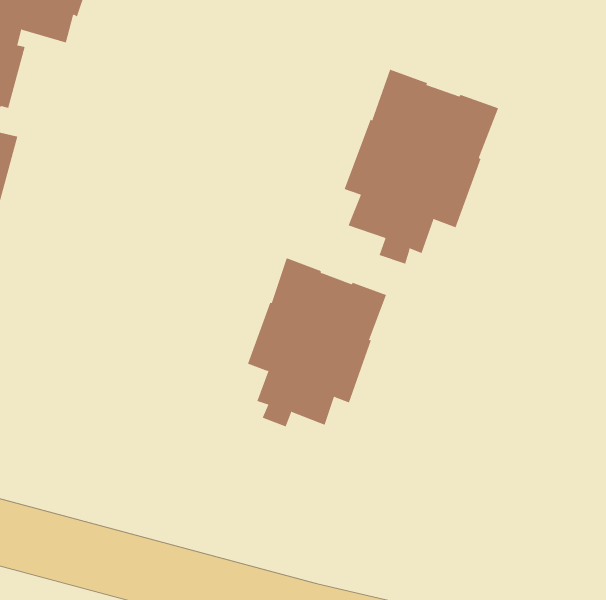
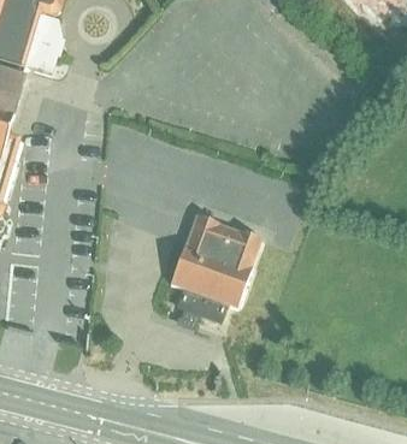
building: [344,69,499,264] -> none

